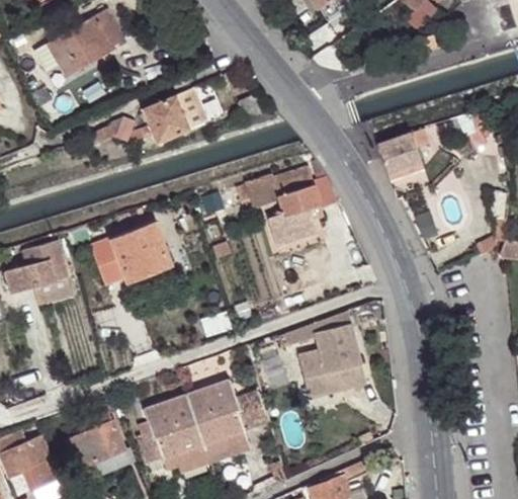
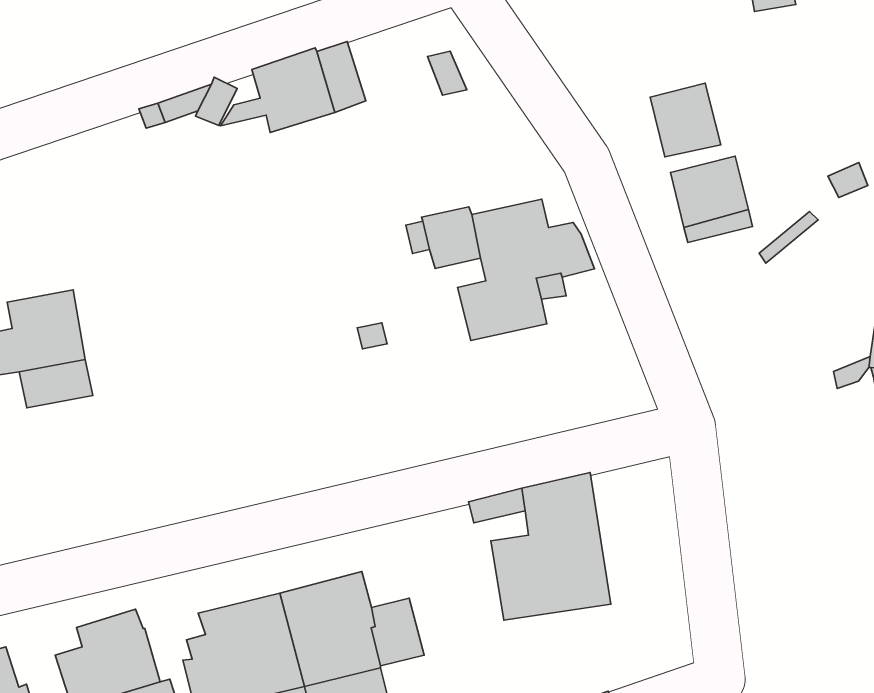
building: none -> [650,83,721,157]
building: [92,221,172,285] -> none

